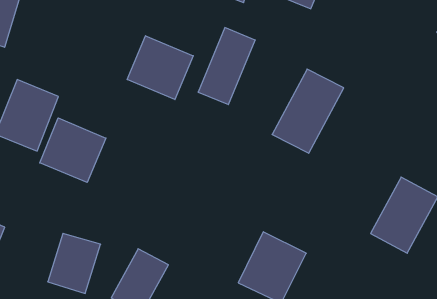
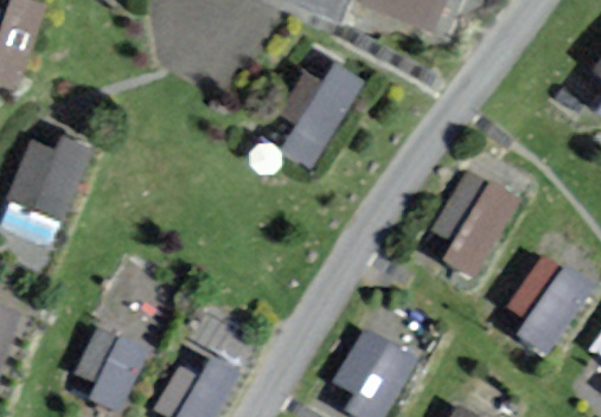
building: [127,36,193,100] -> none
building: [272,69,344,153] -> [429,168,524,280]
building: [40,118,106,182] -> none

